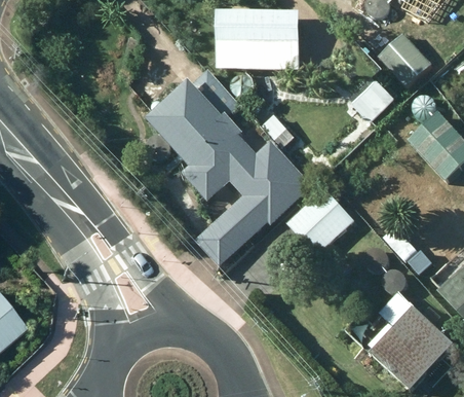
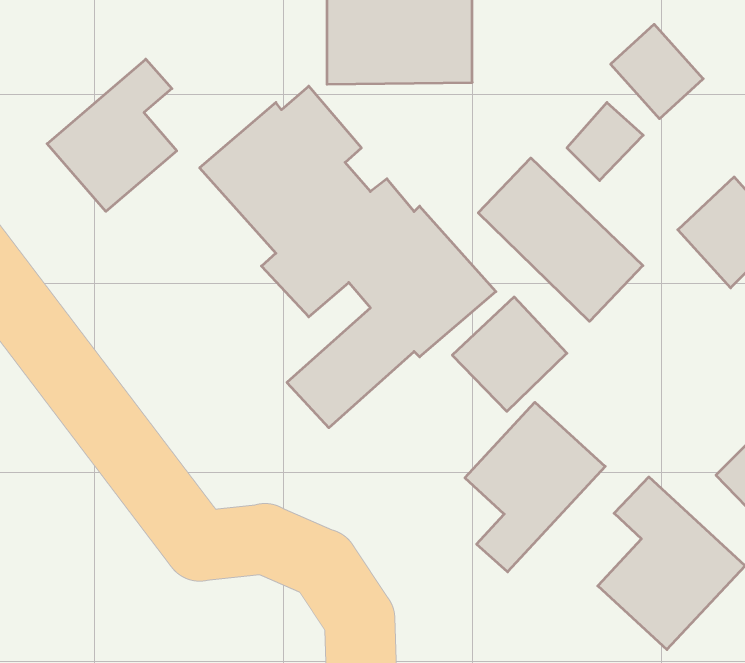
building: none -> [47,59,177,211]
building: none -> [478,158,643,321]
building: none -> [465,402,605,572]

